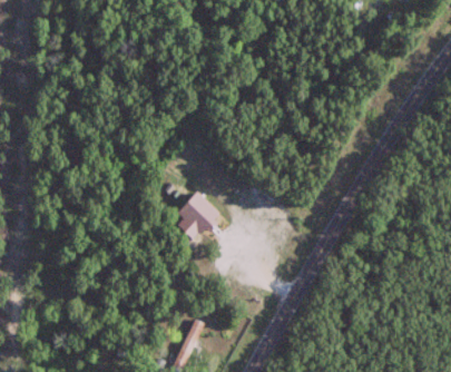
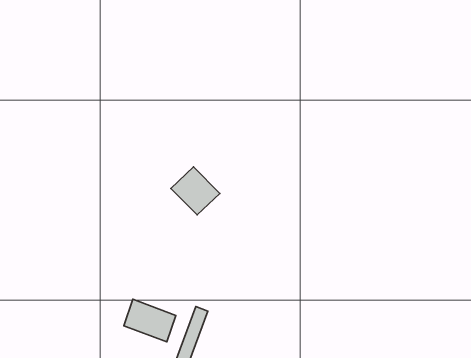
building: none -> [124,299,176,342]

